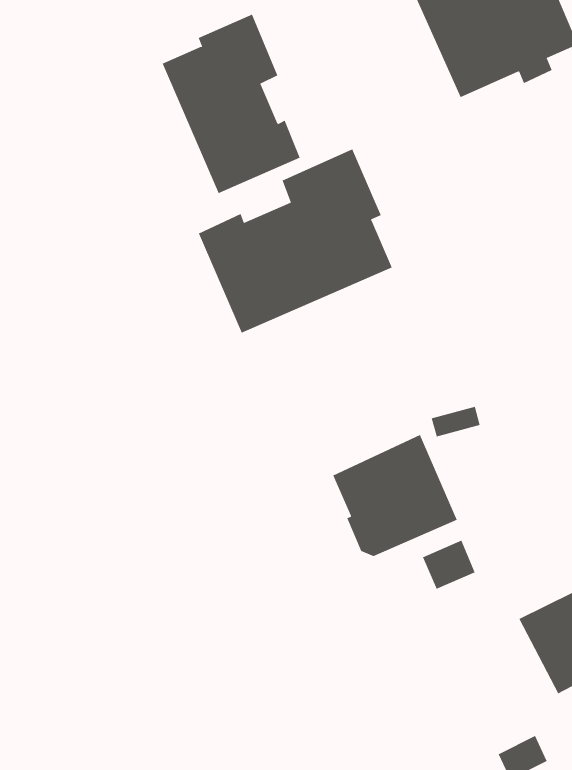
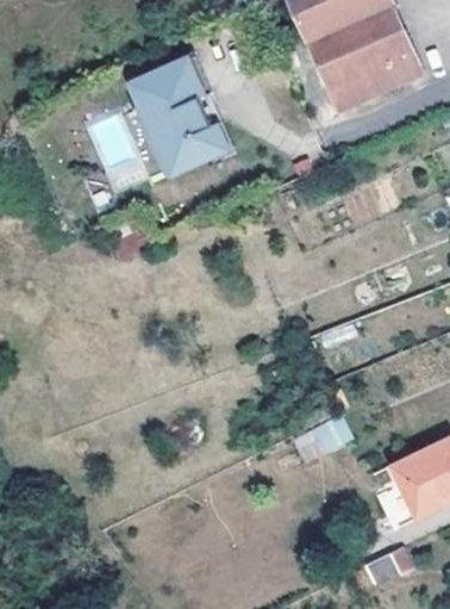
building: [198,148,393,334] -> none
building: [332,434,458,557] -> none

